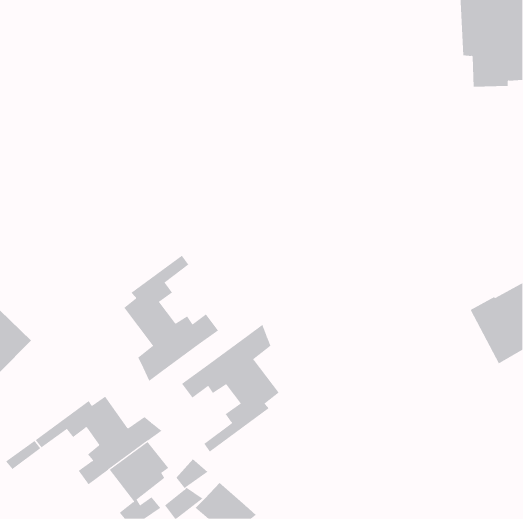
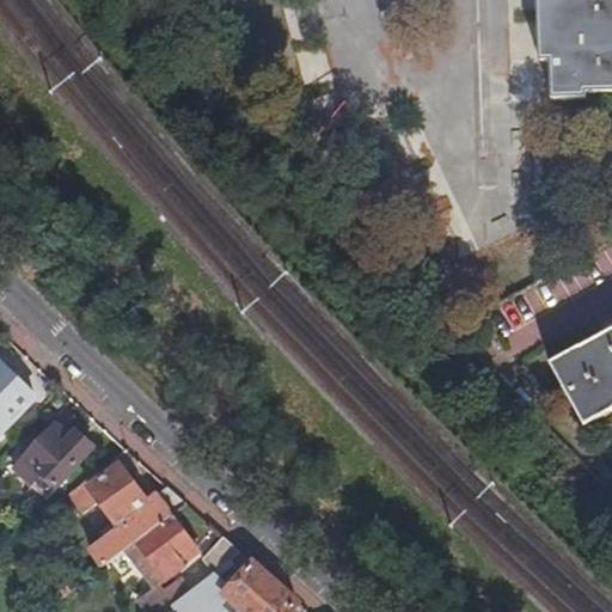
building: [123,255,219,382] -> none
building: [181,324,279,452] -> none
building: none -> [19,427,94,486]

